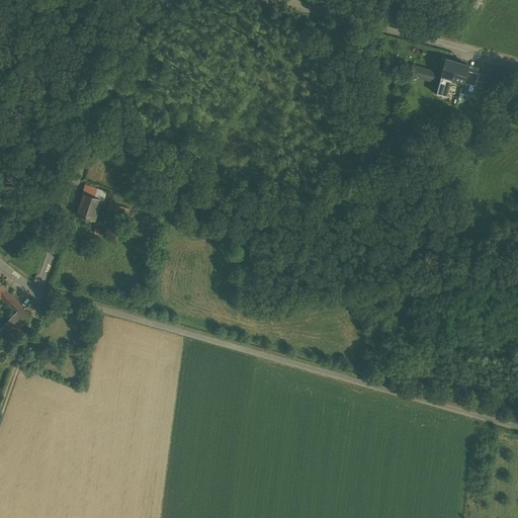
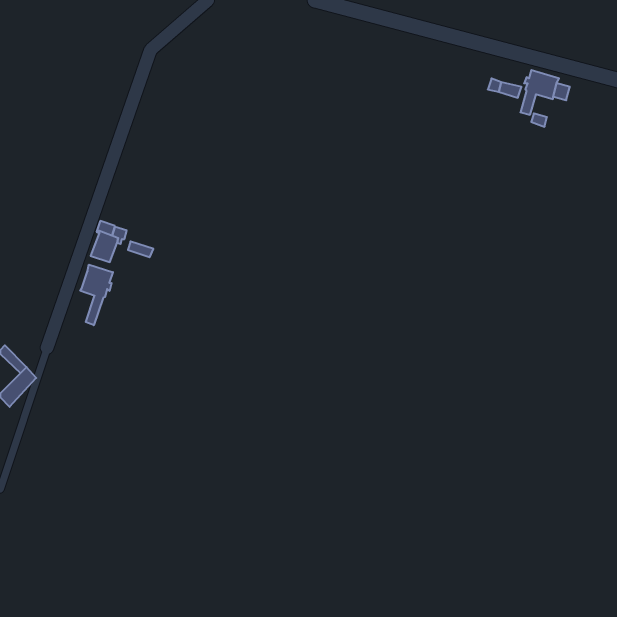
building: none -> [80,265,113,325]

